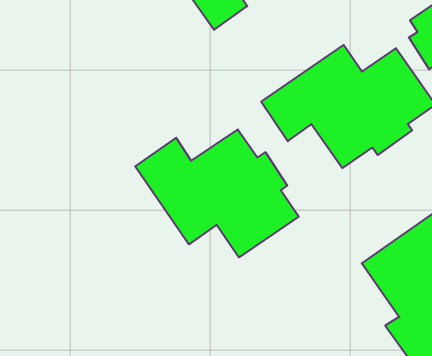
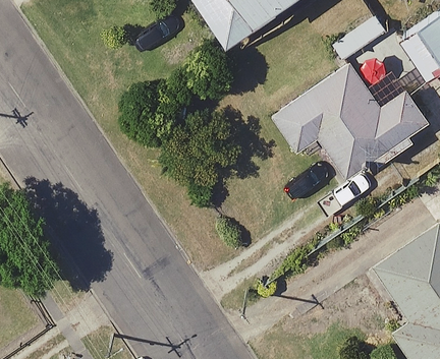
building: [135,129,299,257] -> none

